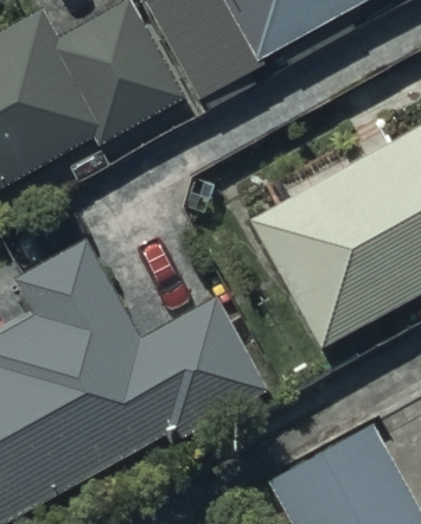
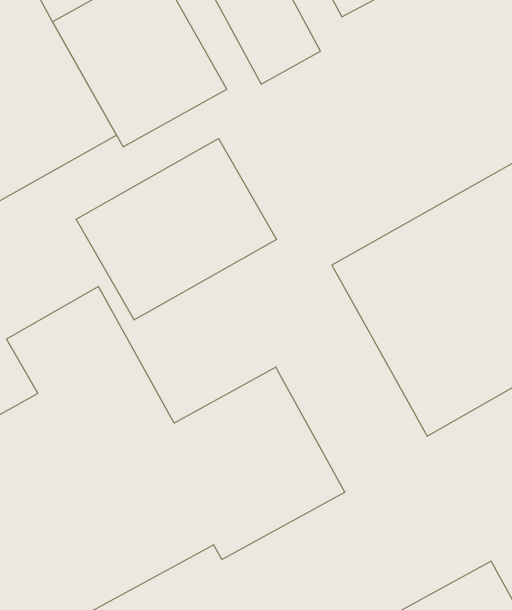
building: none -> [76,139,277,320]

